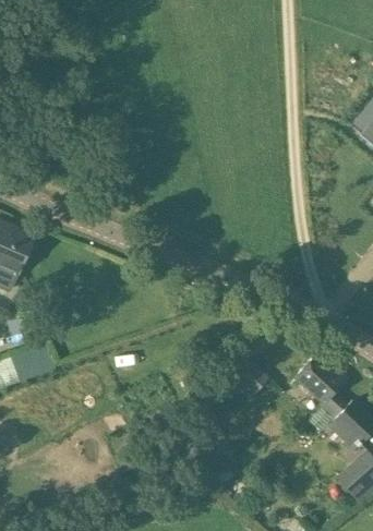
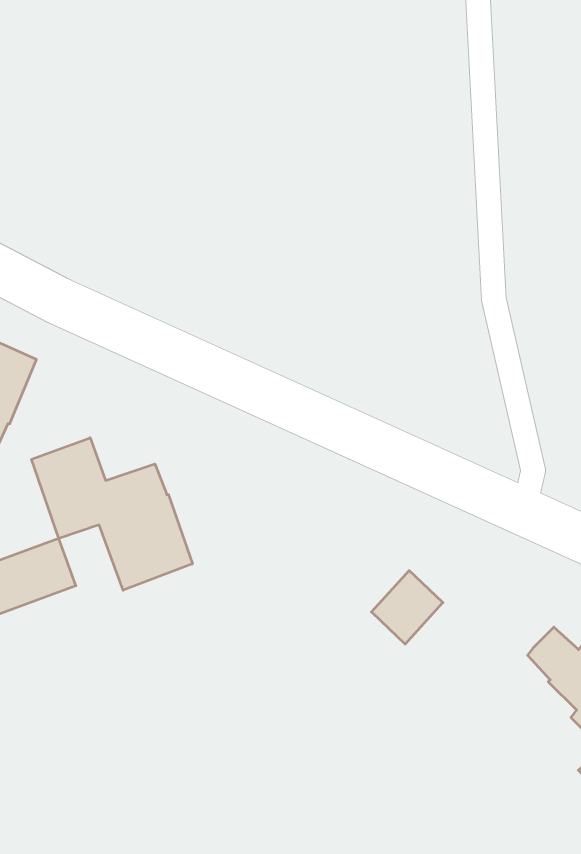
building: none -> [32,438,192,590]
building: [294,354,344,403] -> none

